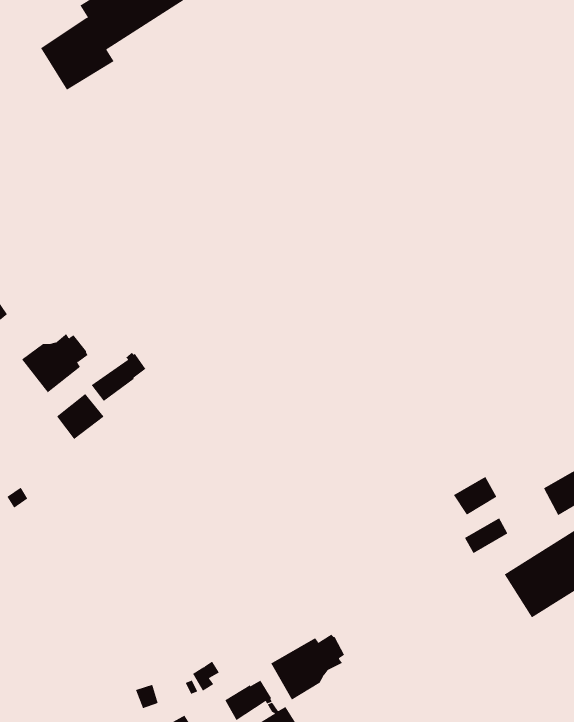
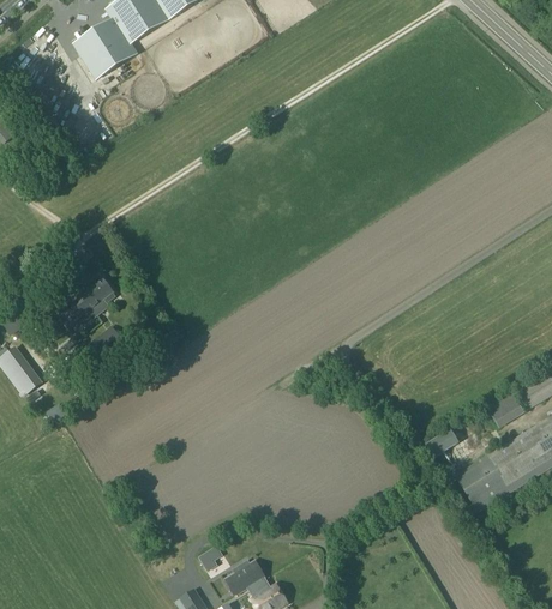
building: [91,352,146,402] -> none
building: [453,476,497,515] -> none
building: [271,634,345,700] -> none

